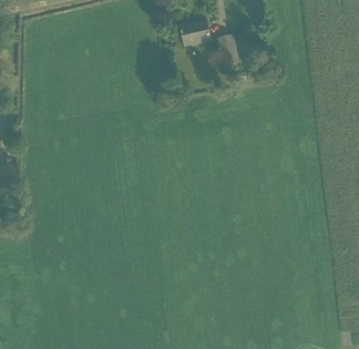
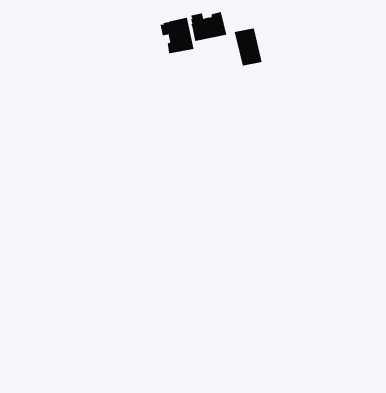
building: none -> [160,17,194,54]

